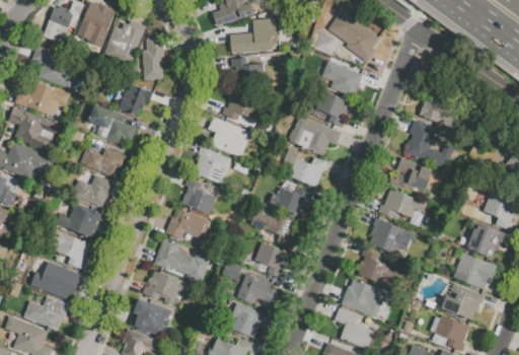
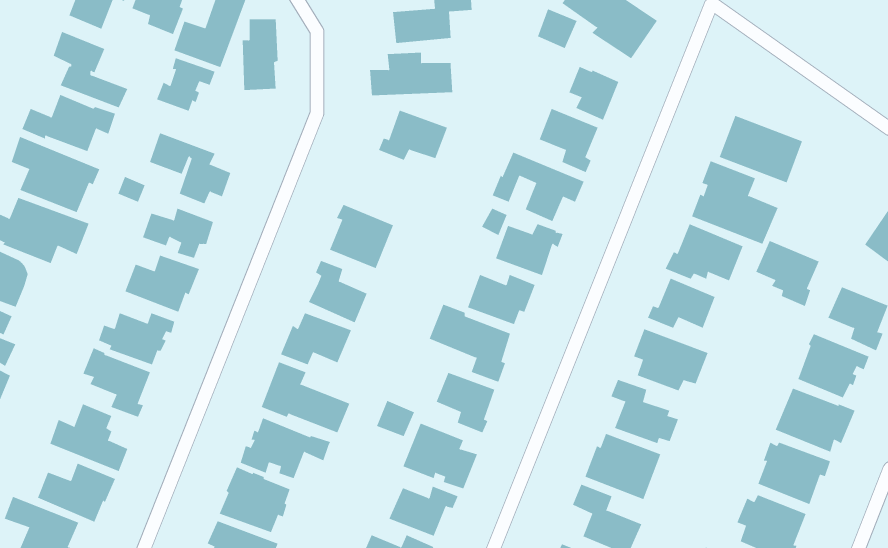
building: [118,84,152,116] -> [156,57,215,112]
building: [207,116,251,159] -> none
building: none -> [755,240,819,307]

